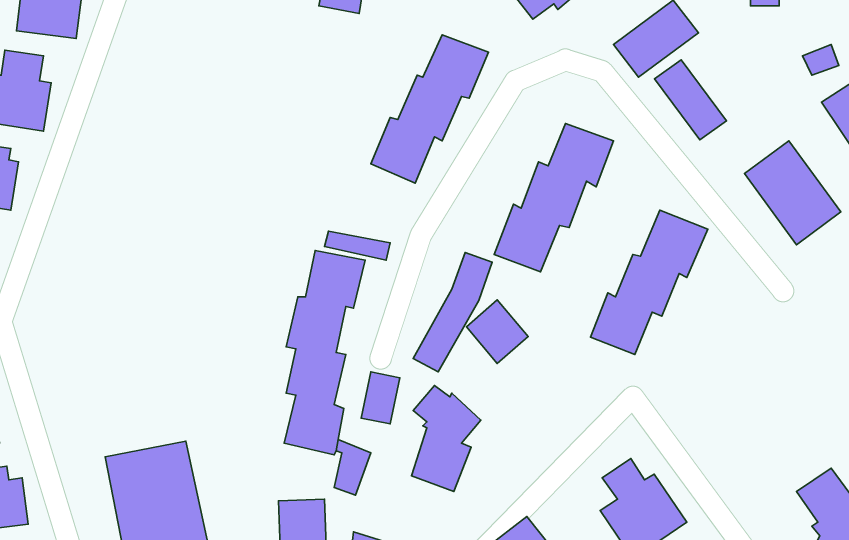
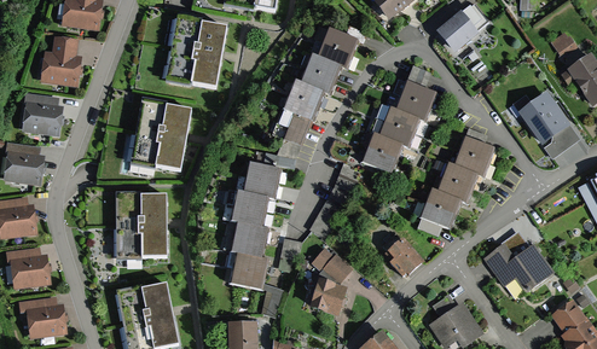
building: none -> [167,18,228,89]
building: [654,60,726,140] -> none
building: none -> [131,100,192,173]
building: none -> [271,107,312,145]
building: [466,300,528,363] -> [382,235,421,275]
building: none -> [118,194,172,260]
building: none -> [481,243,552,302]

